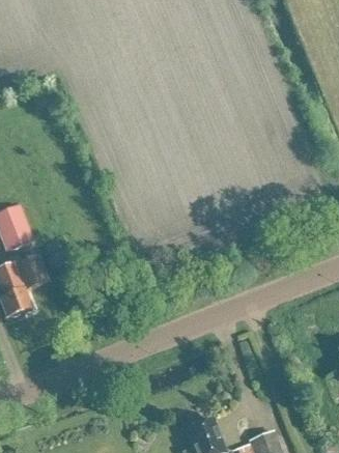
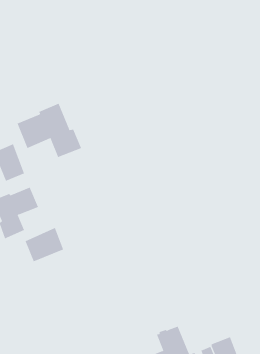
building: none -> [17,103,82,158]
building: none -> [25,227,64,262]

